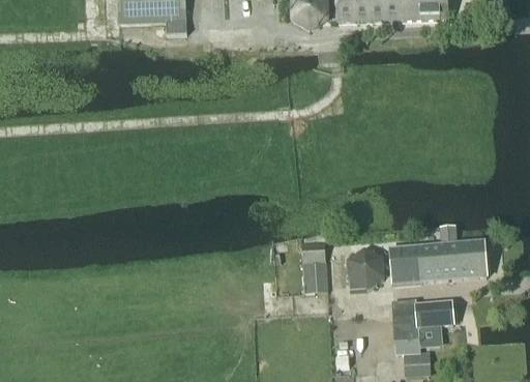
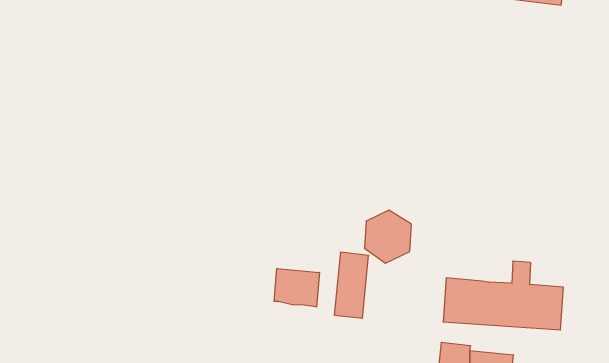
building: [348,247,386,290] -> [364,210,411,263]
building: none -> [274,268,319,307]

